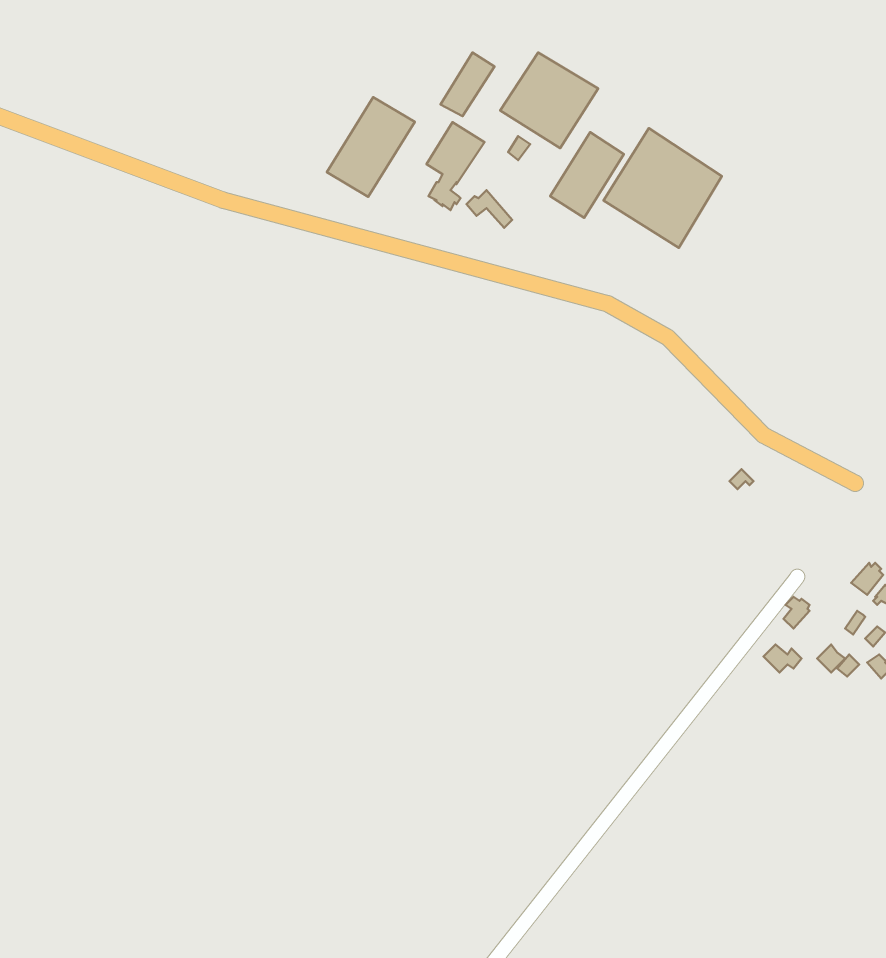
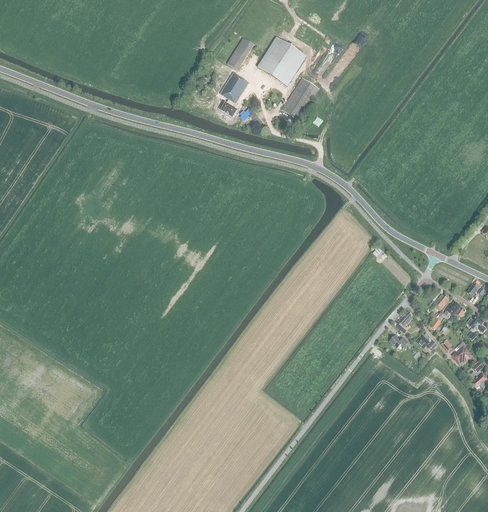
building: [327,97,415,197] -> none
building: [604,128,722,248] -> none

